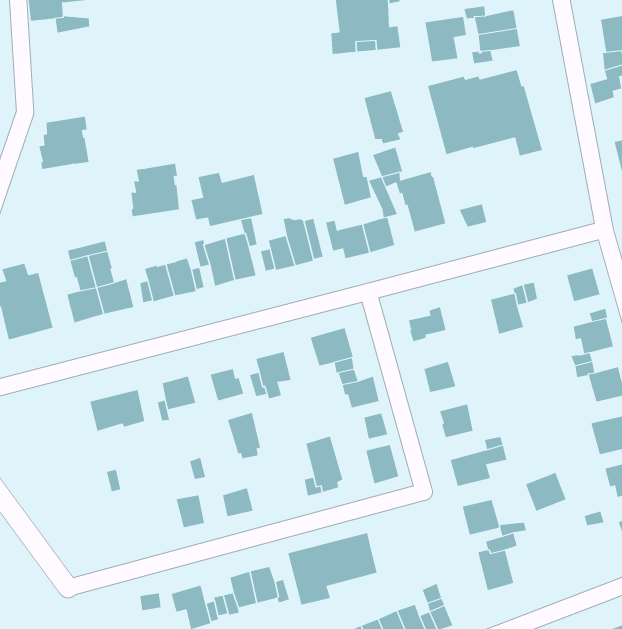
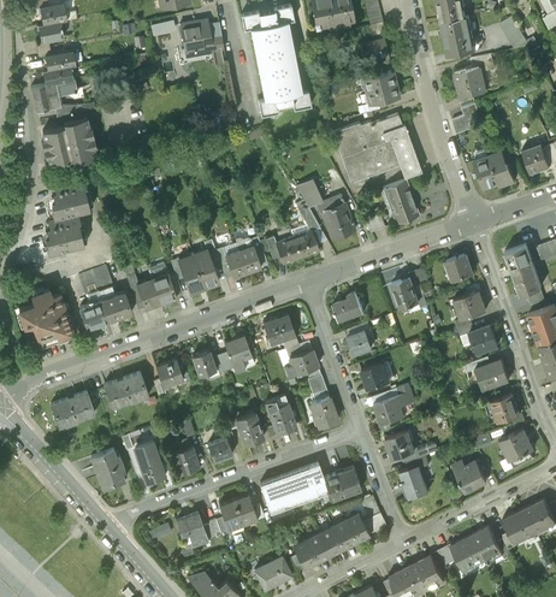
building: [425,16,467,62] -> none
building: none -> [41,117,96,162]
building: [364,91,404,144] -> none
building: [332,151,372,205] -> none
building: none -> [381,179,419,224]
building: [131,163,180,217] -> [46,212,83,254]
building: [191,172,263,227] -> none
building: none -> [51,391,94,427]
building: [227,412,261,459] -> [236,413,262,448]
building: [525,472,566,511] -> [455,460,486,490]
building: none -> [91,449,124,486]
building: none -> [137,450,165,483]
building: none -> [323,468,361,501]

